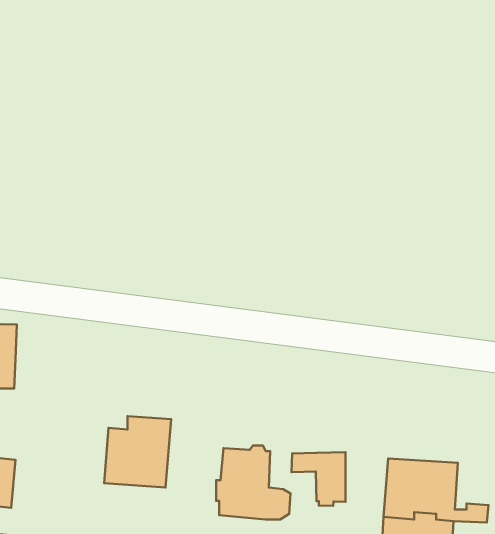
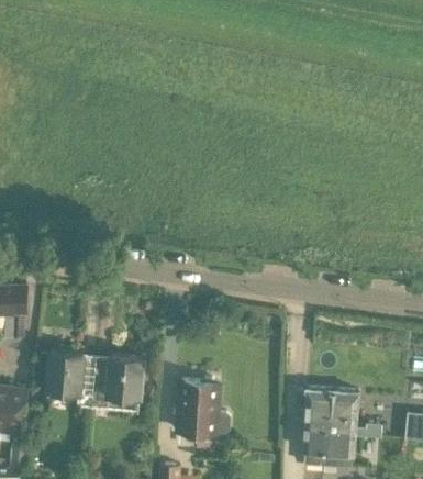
building: none -> [47,352,96,408]
building: [292,452,346,506] -> none

